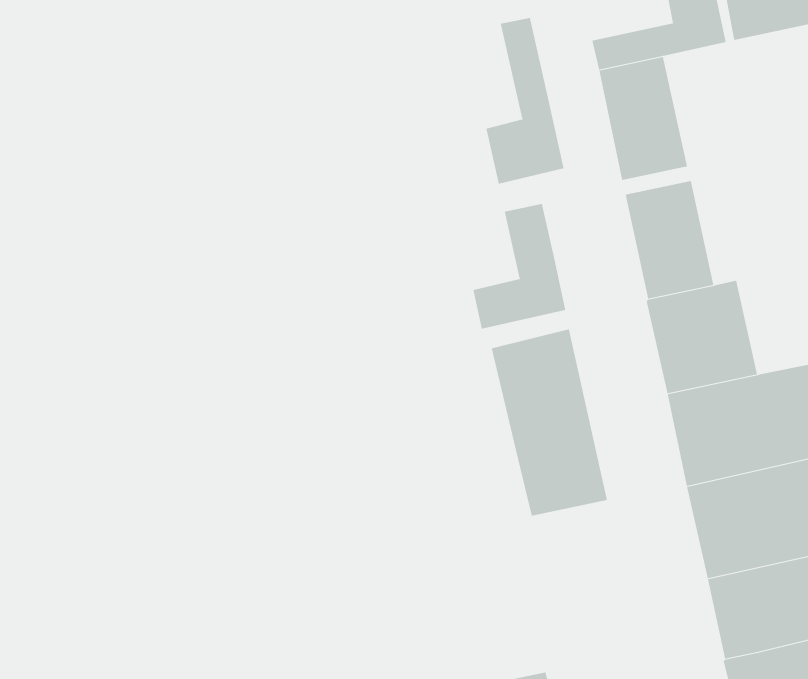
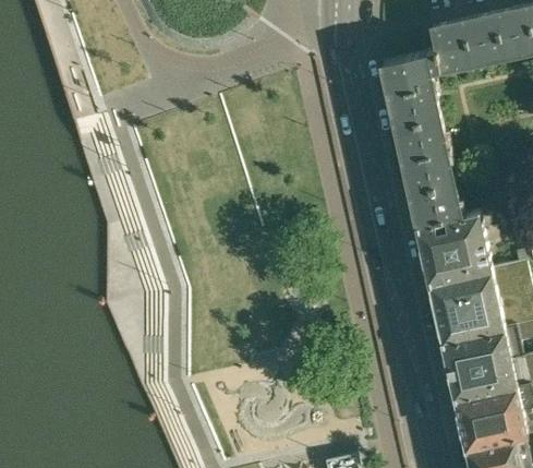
building: [486,17,564,184] -> none
building: [473,203,566,329] -> none
building: [491,329,608,517] -> none

